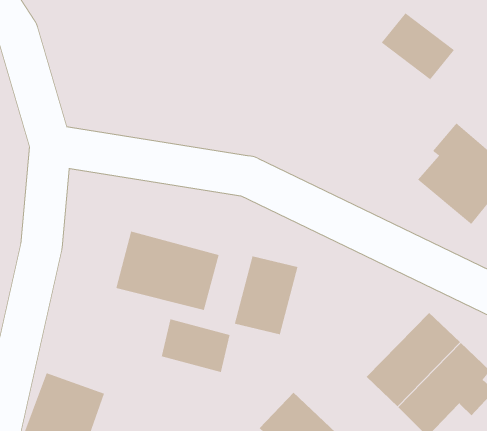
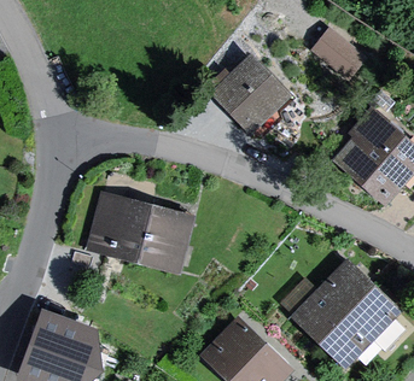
building: none -> [209,59,282,129]
building: [234,256,298,335] -> none
building: [161,319,230,373] -> none

